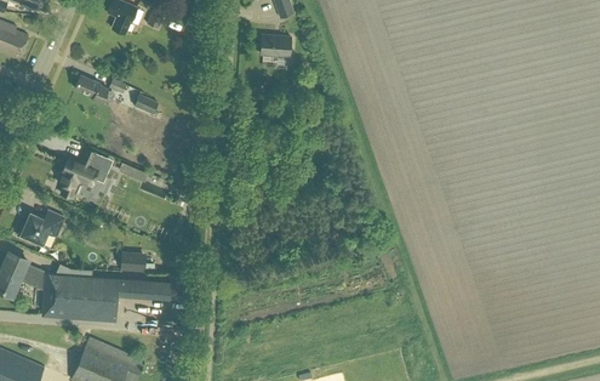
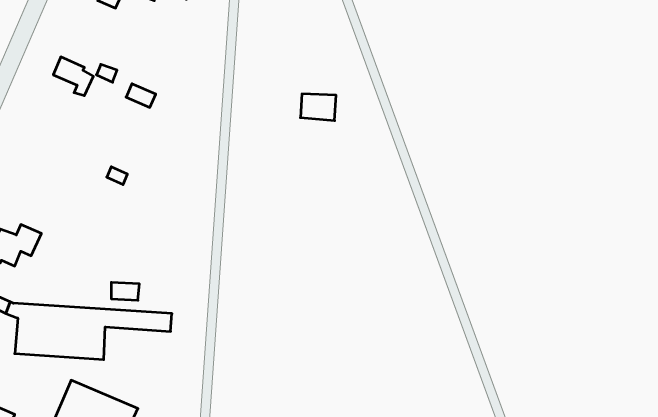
building: [262,35,291,57] -> [300,94,336,121]
building: [59,148,108,198] -> none

